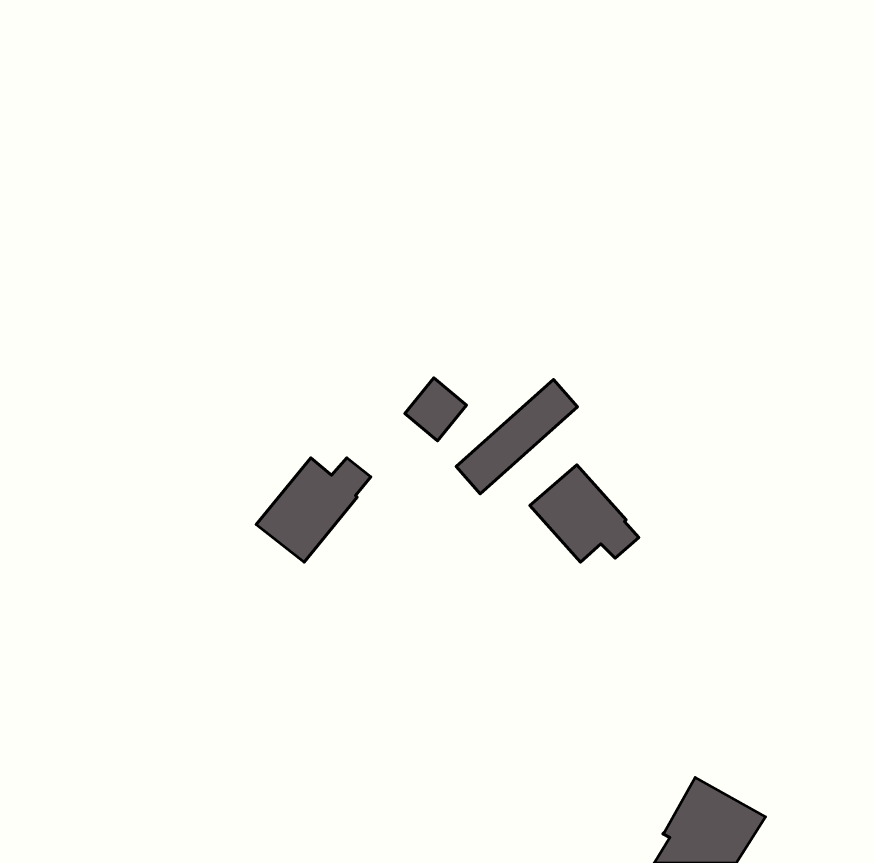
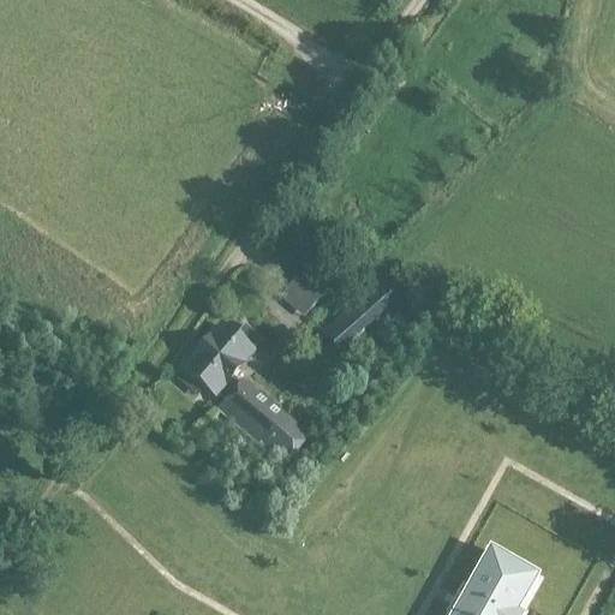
building: [530,465,639,562] -> none
building: none -> [217,377,311,465]

